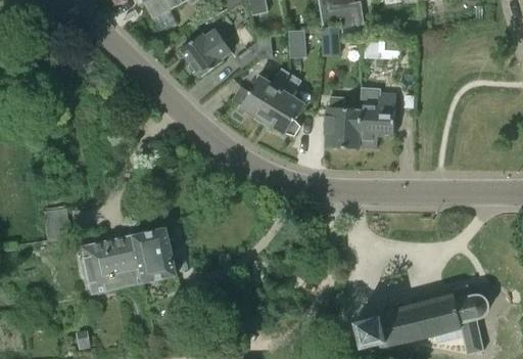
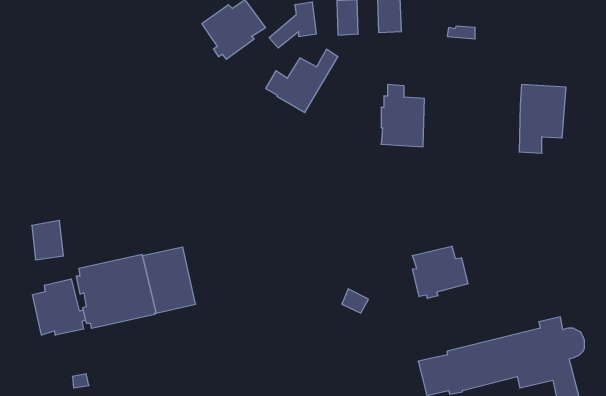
building: [263,75,302,135] -> none
building: [358,92,395,147] -> [519,85,566,153]
building: none -> [412,246,468,299]
building: none -> [33,279,86,335]

